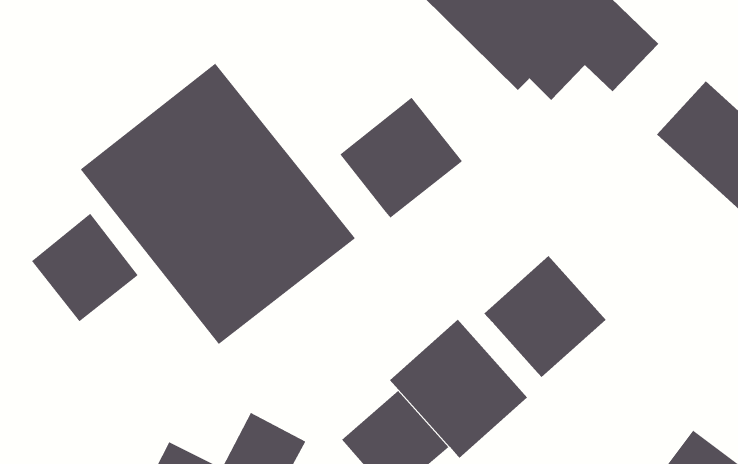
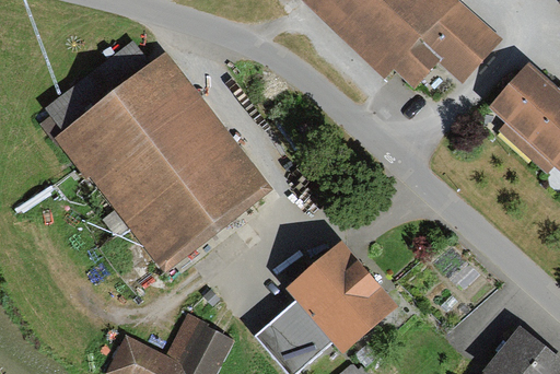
building: [339,97,463,219] -> none
building: [31,213,138,322] -> none
building: [484,255,607,378] -> none

